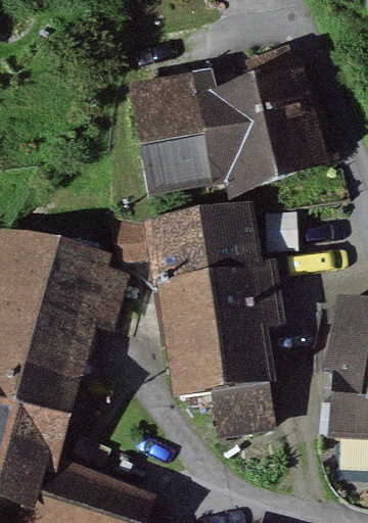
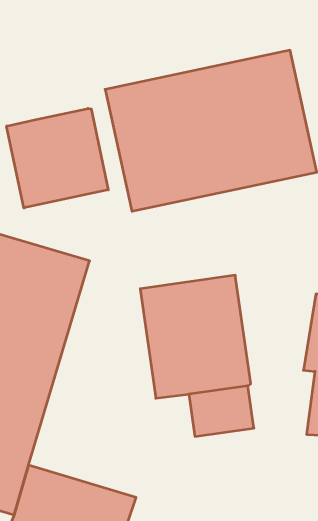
building: none -> [7,108,108,208]
building: [152,206,257,286] -> none

